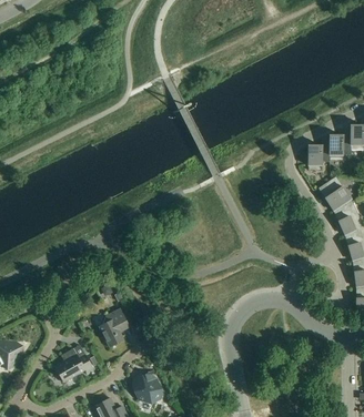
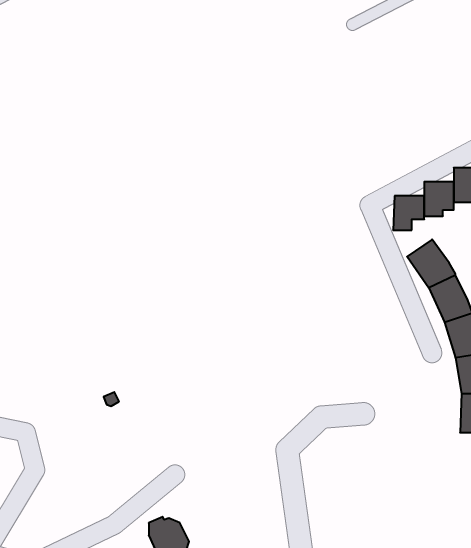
building: [99,307,130,346] -> none
building: [54,347,93,382] -> none

